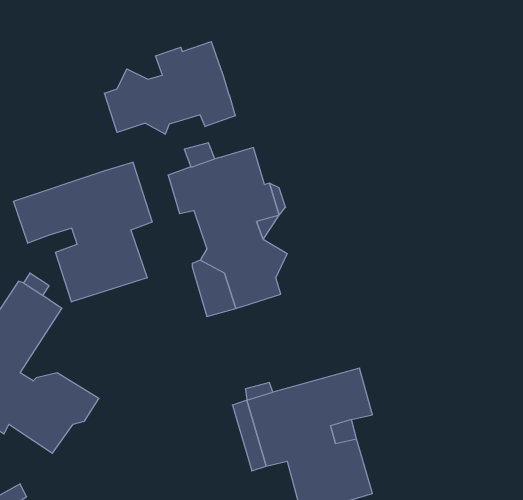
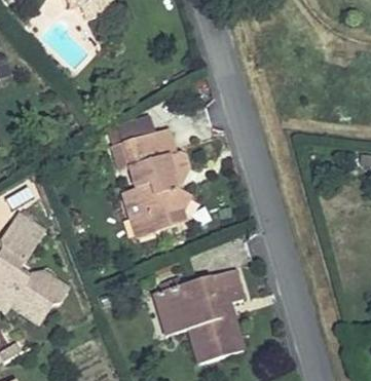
building: [104,42,235,134] -> none
building: [13,162,152,302] -> none

